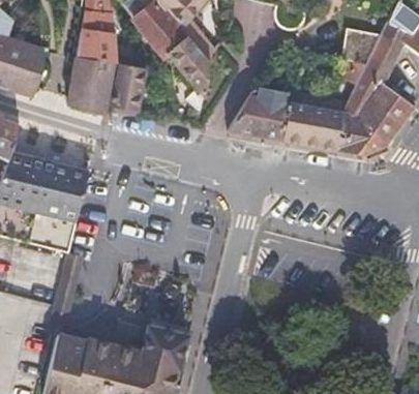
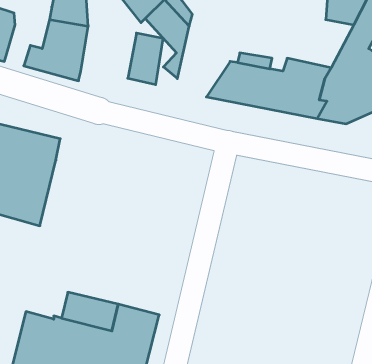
building: [112,62,146,112] -> [128,33,163,85]

